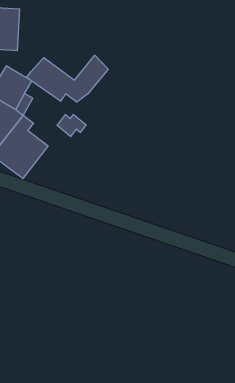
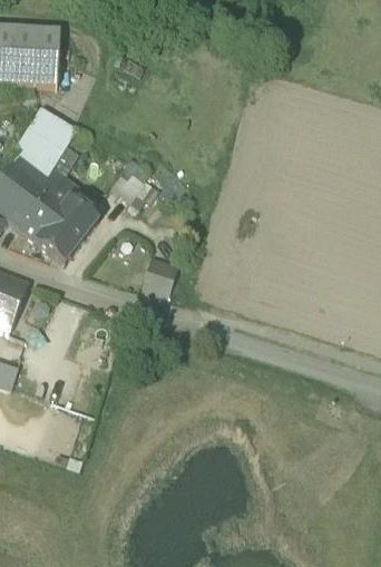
building: [27,55,108,102] -> none
building: none -> [141,256,178,299]

